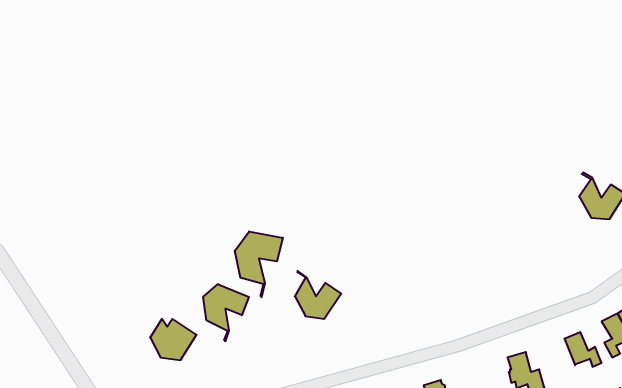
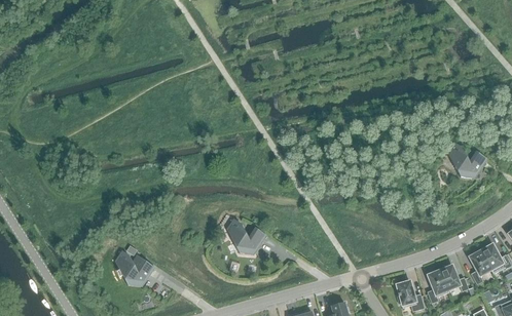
building: [235,231,283,297] -> none
building: [203,284,249,341] -> none
building: none -> [426,269,448,302]

